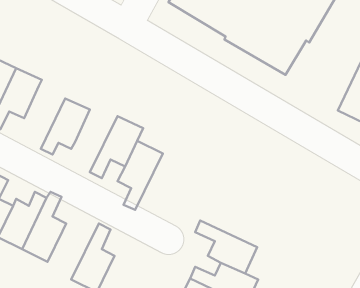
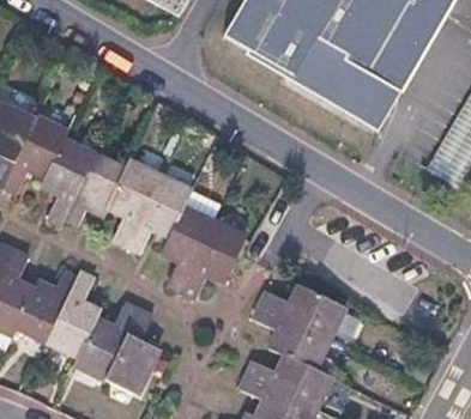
building: none -> [44,139,98,224]
building: none -> [110,162,162,244]
building: none -> [183,221,248,297]
building: none -> [262,284,346,335]
building: none -> [73,299,139,375]

